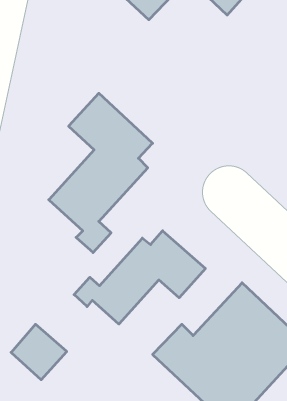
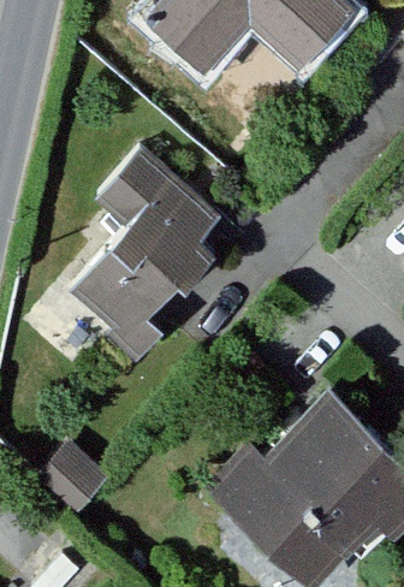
building: [74,231,205,324] -> none

